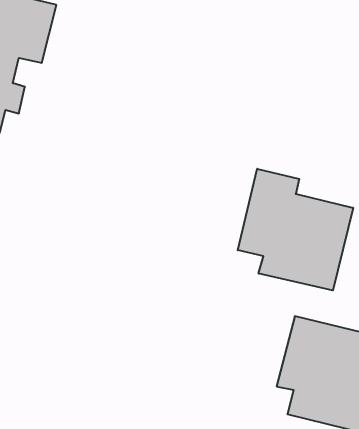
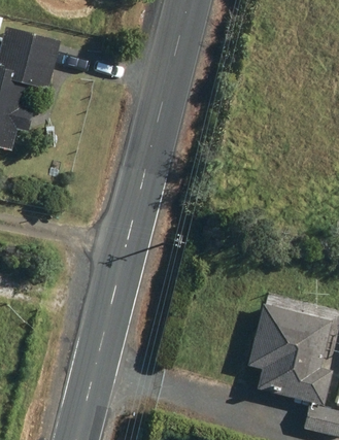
building: [238,169,353,290] -> none

